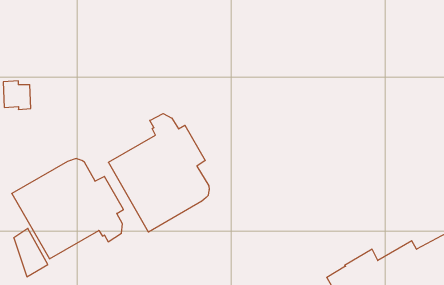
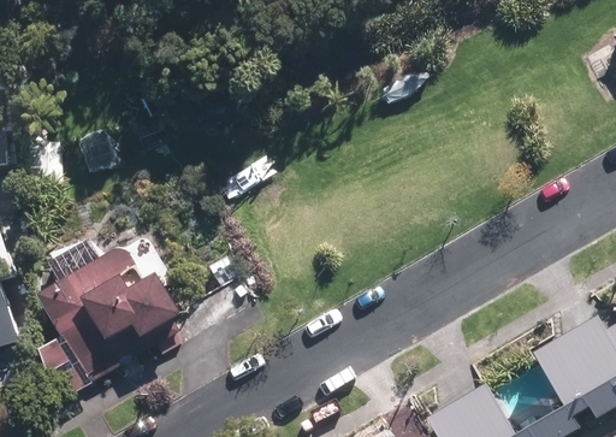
building: [108,114,209,232] -> none

